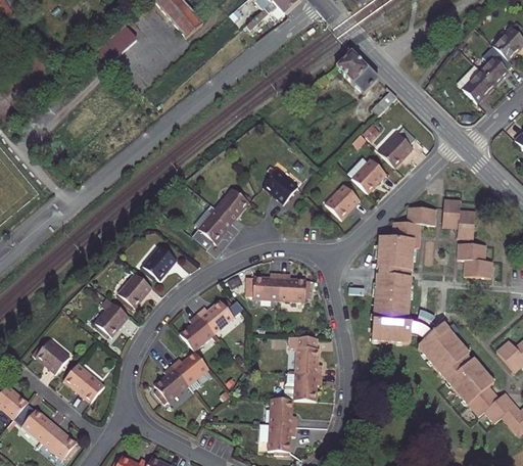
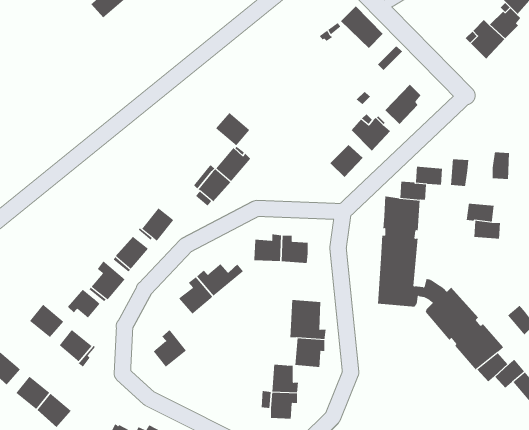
building: [264,170,297,202] -> [215,112,250,146]
building: [458,211,475,237] -> [492,152,510,179]
building: none -> [67,289,100,318]
building: [172,352,208,384] -> none

